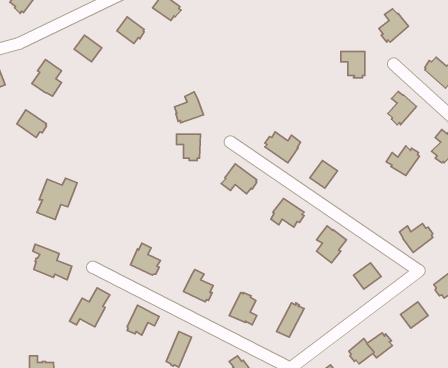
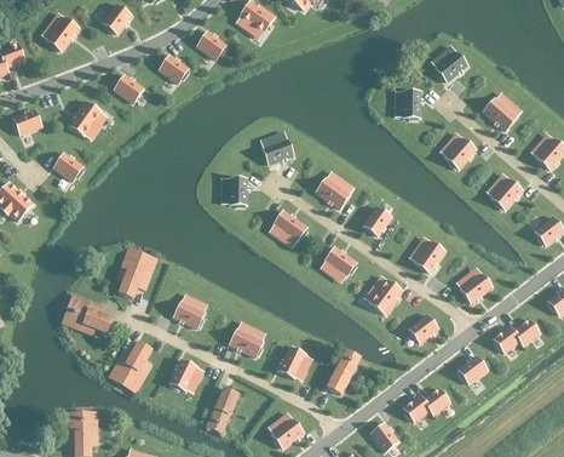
building: [175,92,203,123] -> [261,131,292,164]
building: [386,146,420,176] -> [409,240,444,272]
building: [37,178,77,219] -> [117,256,160,299]

